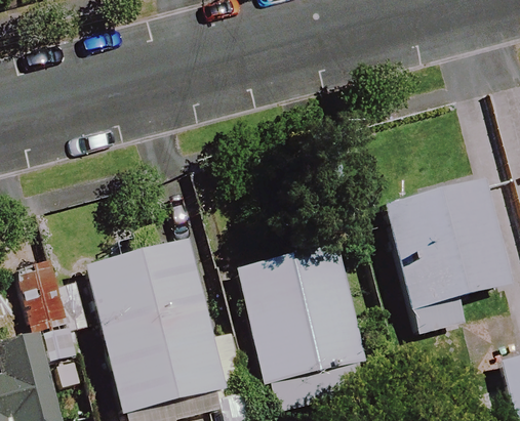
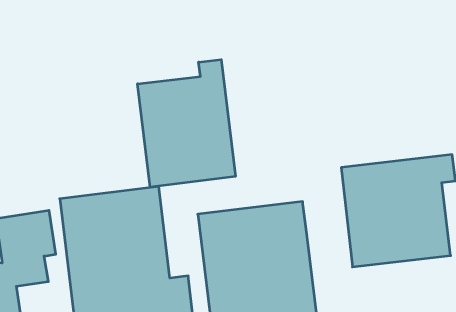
building: none -> [138,60,235,187]

